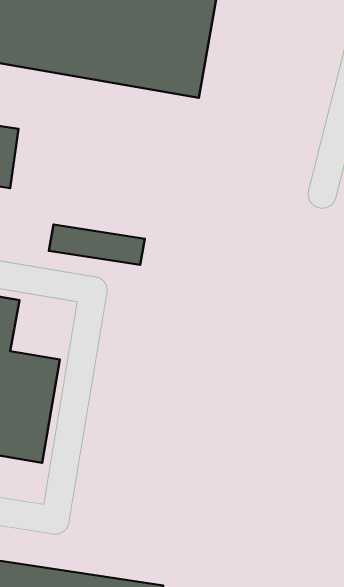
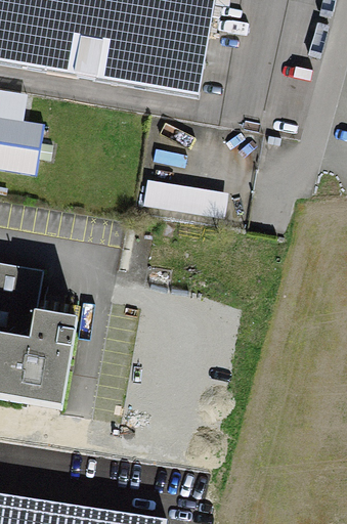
building: [49,225,145,265] -> [144,181,227,216]

